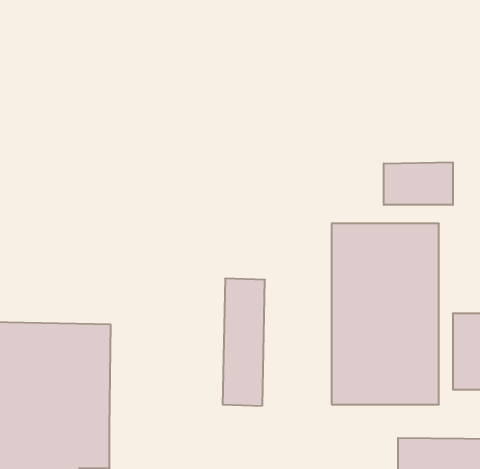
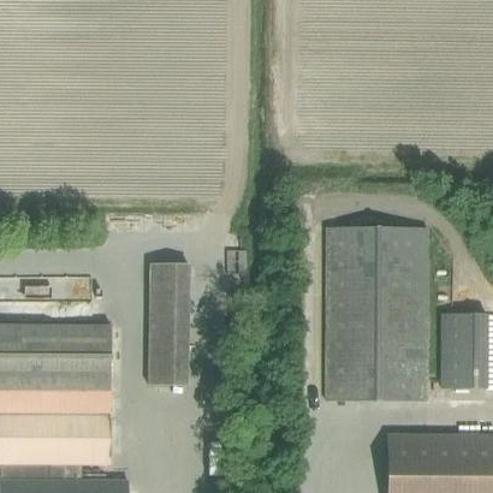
building: [384,162,453,205] -> none
building: [223,279,265,406] -> [149,262,190,385]

